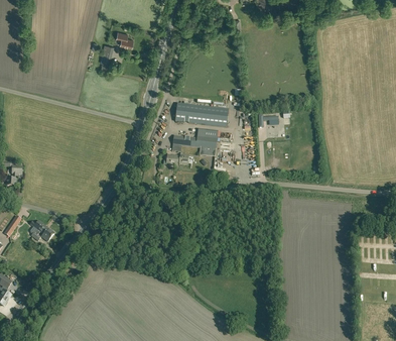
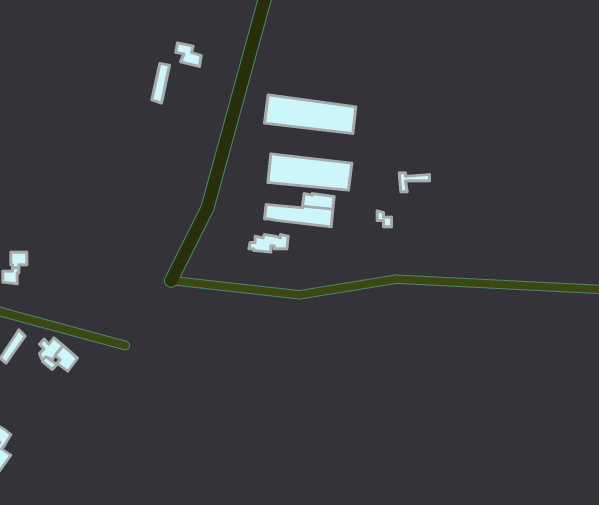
building: none -> [265,95,356,134]

